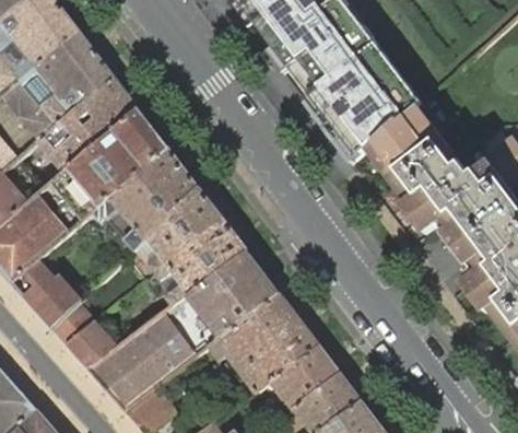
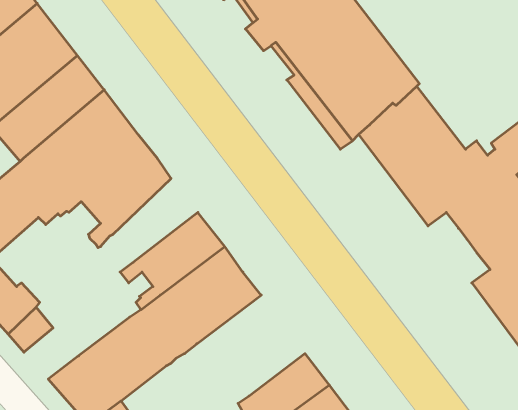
building: [136,189,223,273] -> none
building: [211,294,319,393] -> none
building: [67,324,116,370] -> none

